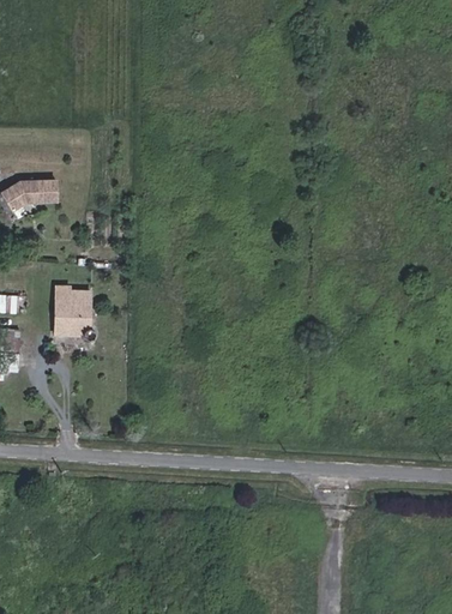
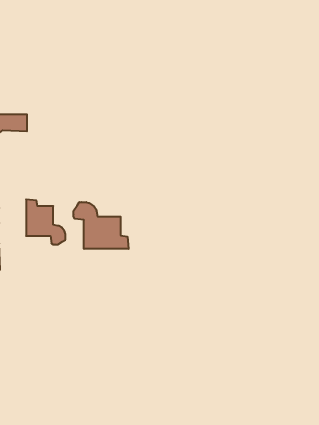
building: none -> [74,202,129,249]

